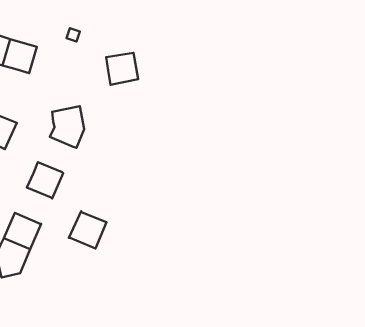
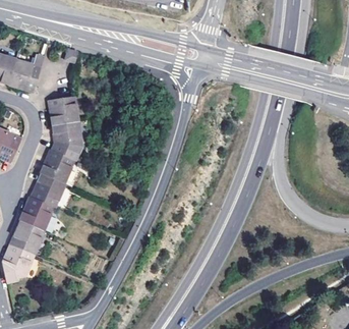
building: [106,53,138,85] -> [49,98,78,127]
building: none -> [40,151,72,183]
building: [69,211,106,249] -> [17,197,52,231]

